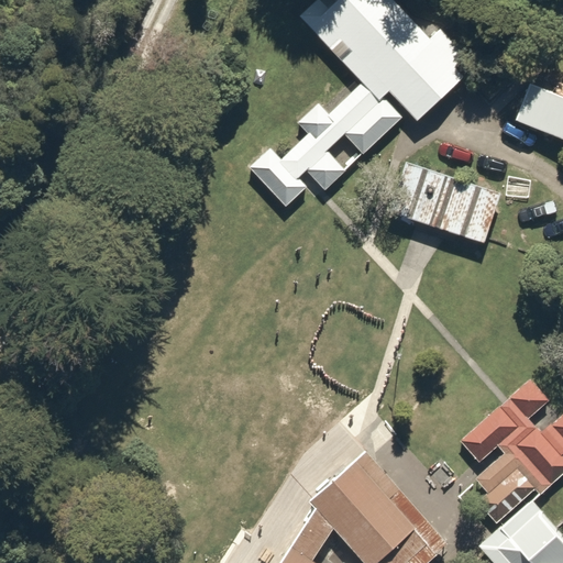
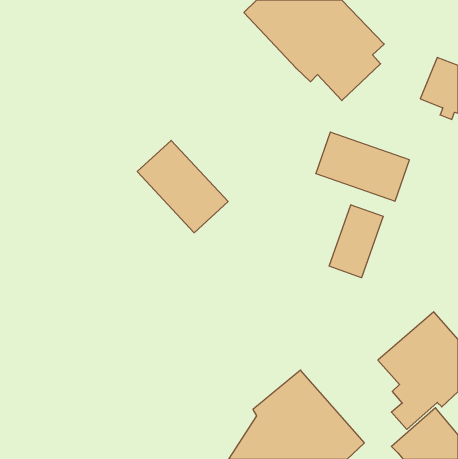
building: [249,84,404,207] -> none
building: none -> [137,140,228,233]
building: none -> [329,205,383,278]

